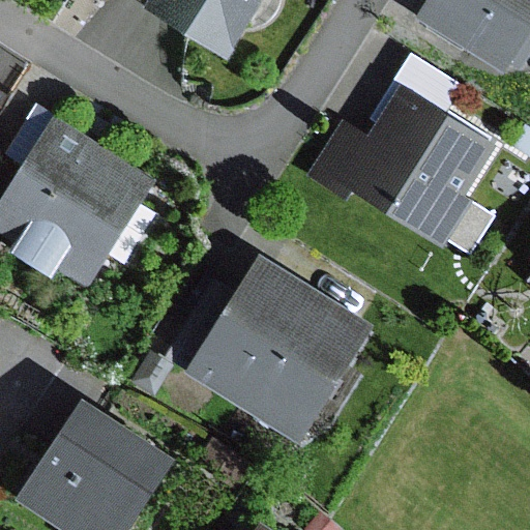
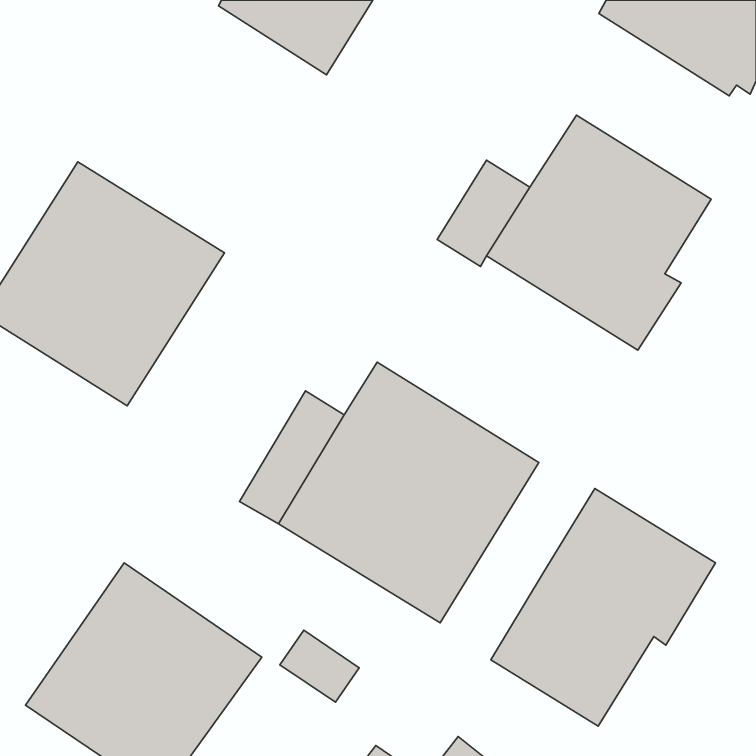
building: none -> [491,489,715,726]

